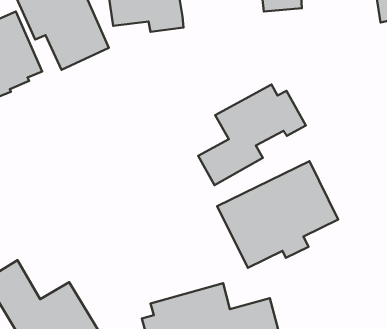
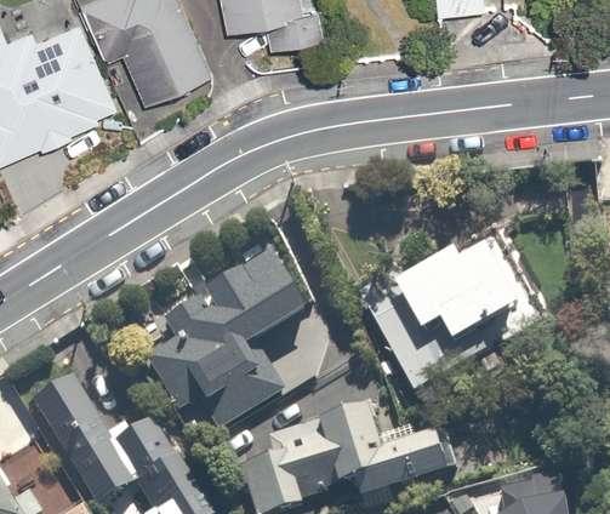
building: [198,85,306,185] -> none
building: none -> [149,227,315,423]

